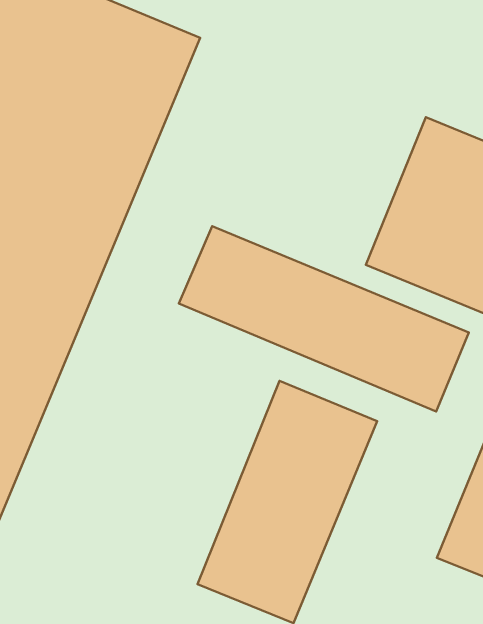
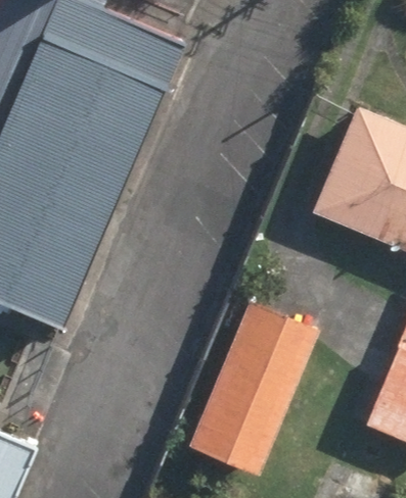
building: [179,226,469,412] -> none

